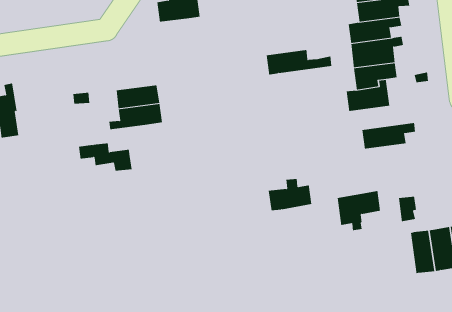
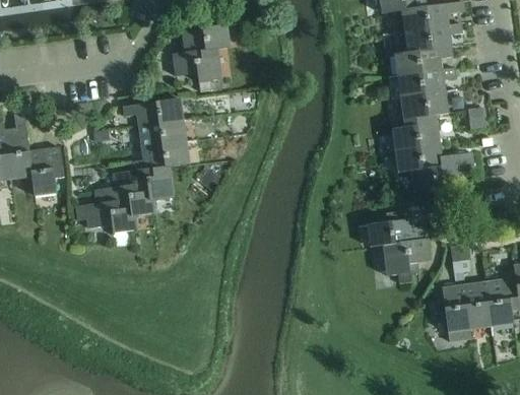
building: none -> [173,48,222,91]
building: [266,50,332,75] -> [394,144,467,173]
building: none -> [122,98,183,127]
building: none -> [26,147,63,196]
building: none -> [110,166,174,200]
building: none -> [77,201,137,234]
building: [268,179,312,211] -> [366,211,414,247]
building: none -> [433,284,469,340]

